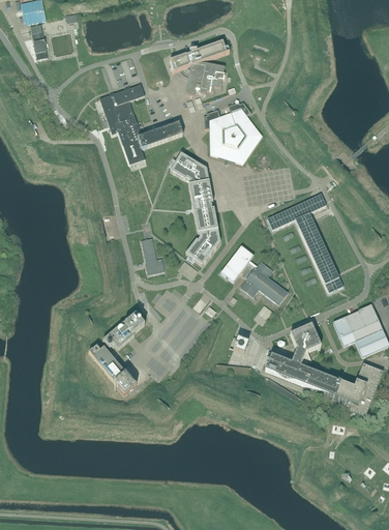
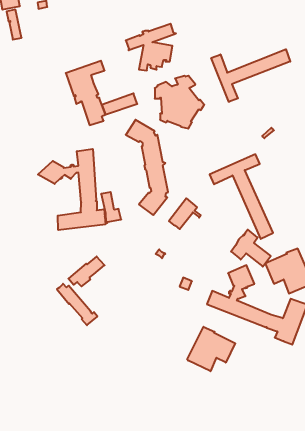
building: none -> [211,49,290,102]
building: none -> [38,149,105,230]
building: [241,260,288,303] -> [231,230,271,267]
building: none -> [187,327,235,371]

